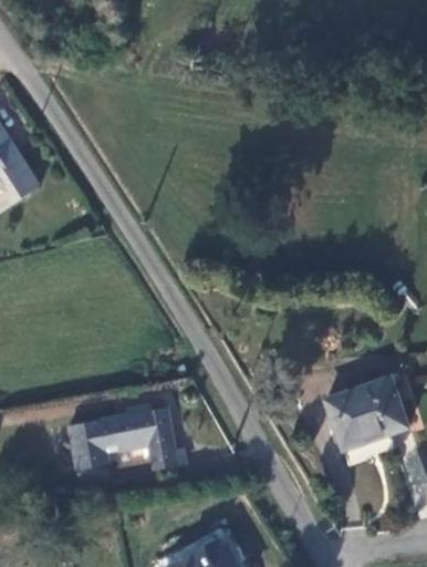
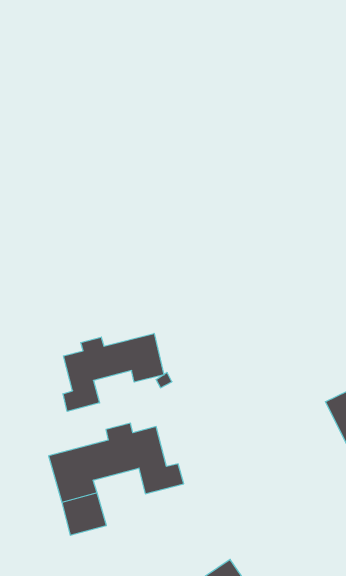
building: none -> [63,333,164,411]

